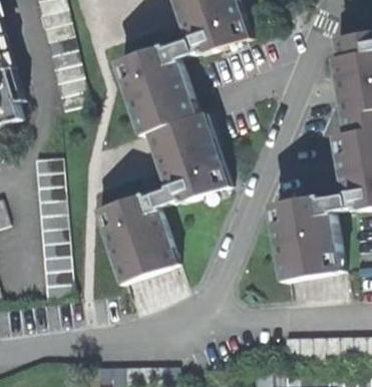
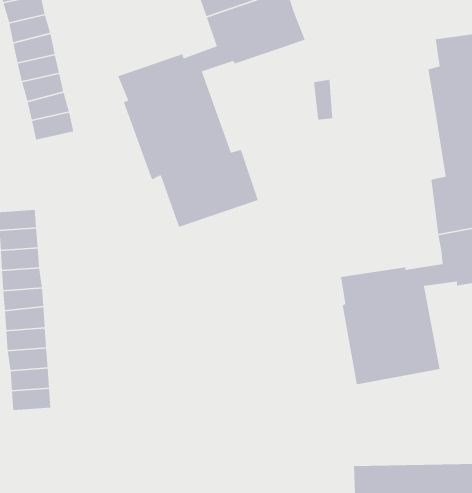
building: [95,148,229,281] -> none

